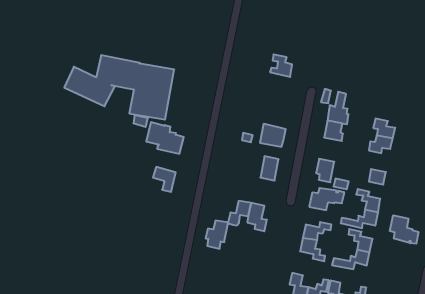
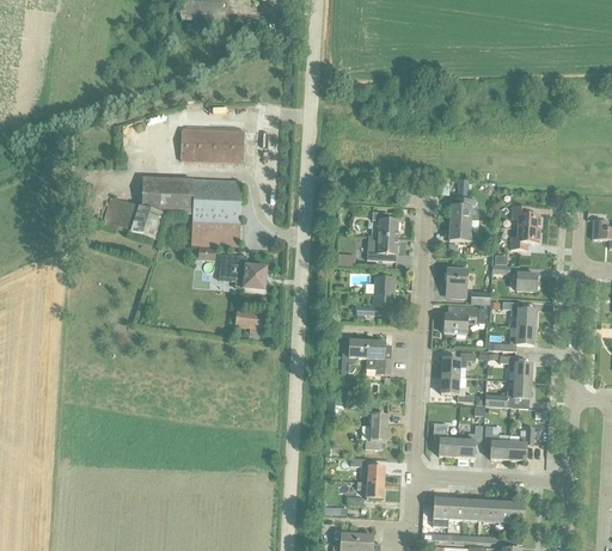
building: none -> [179,125,243,161]
building: [270,54,292,77] -> [369,209,397,235]
building: [390,215,418,244] -> none
building: [206,221,228,249] -> [360,412,386,448]

